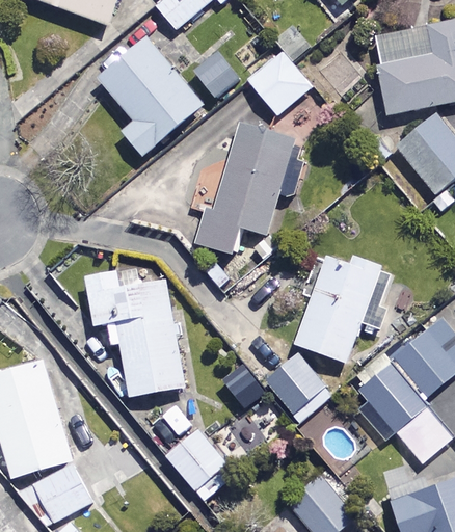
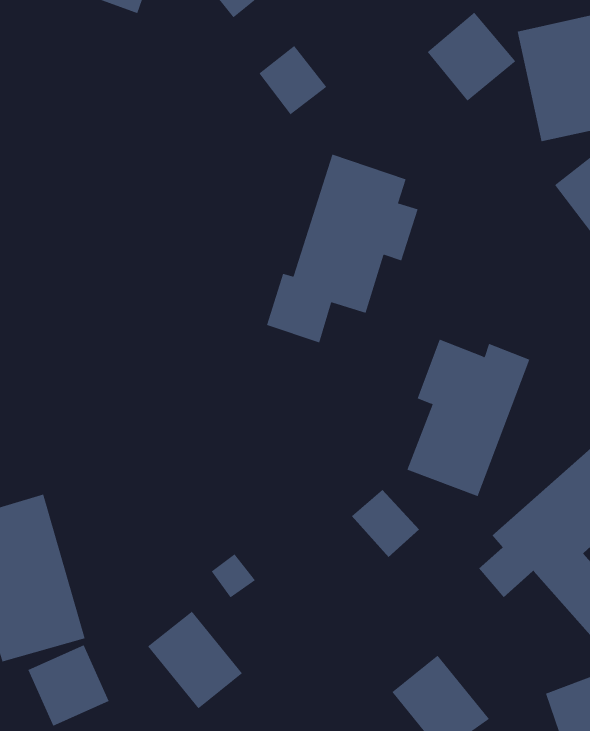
building: [98,37,203,156] -> none
building: [248,52,311,114] -> [427,12,516,101]
building: [86,268,185,397] -> none
building: [165,429,232,498] -> [147,611,243,709]

